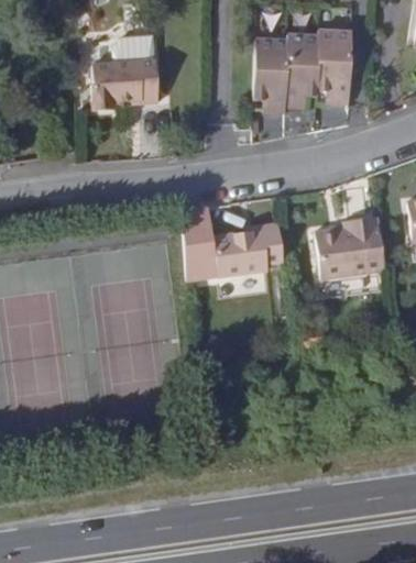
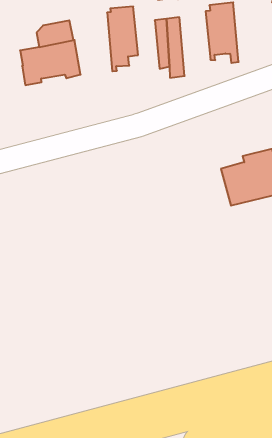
building: [283,42,317,117] -> [107,7,138,71]
building: [184,206,281,280] -> none

